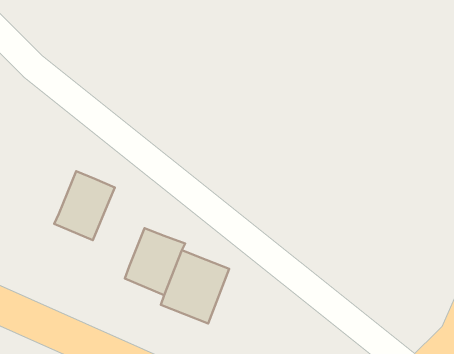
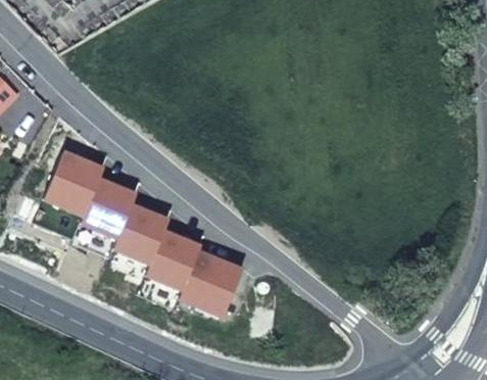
building: none -> [43,148,104,216]
building: none -> [112,203,167,265]

